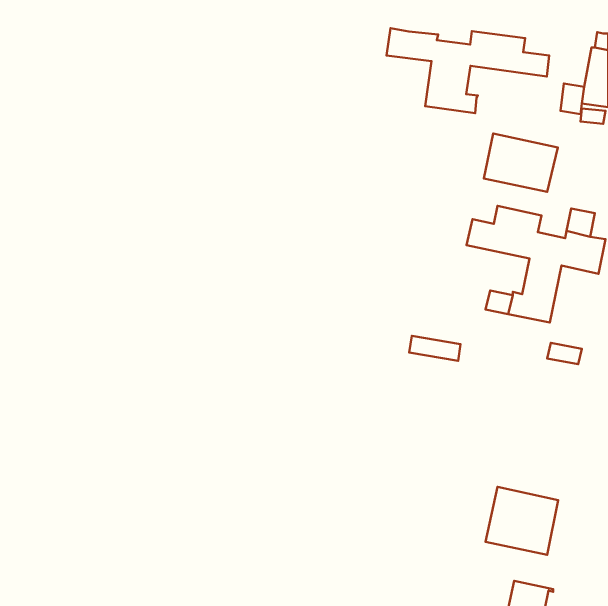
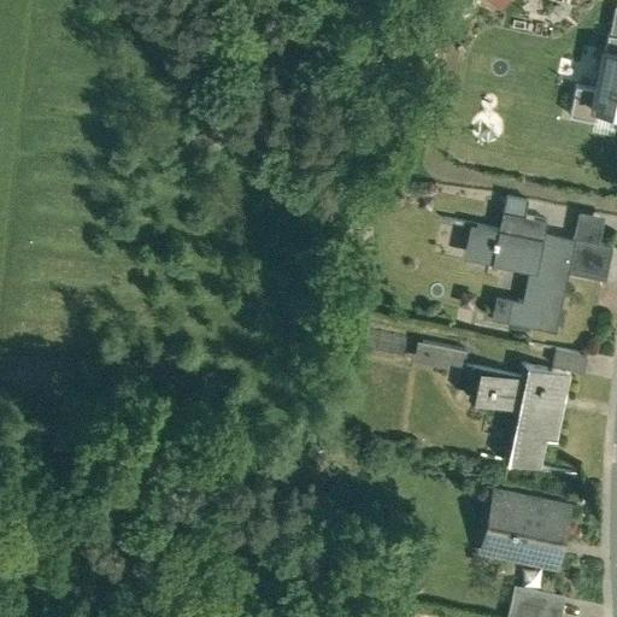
building: [387,28,549,113] -> none
building: [484,133,558,192] -> none
building: none -> [476,364,564,469]

